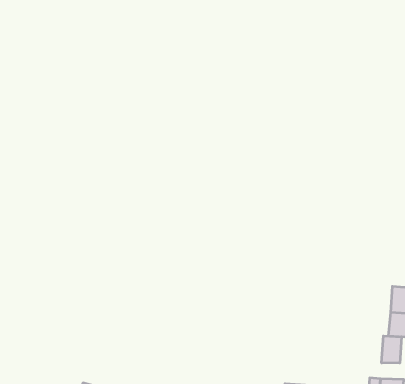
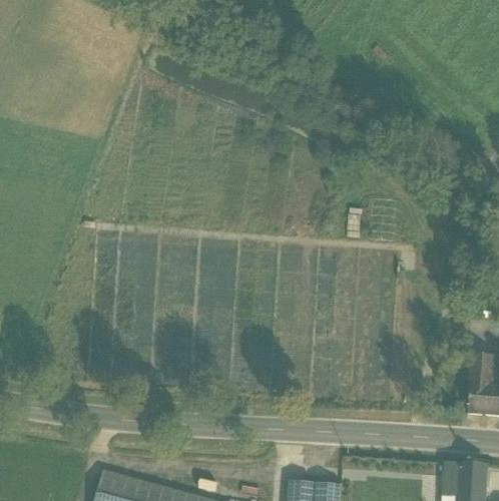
building: [382,336,401,363] -> none

